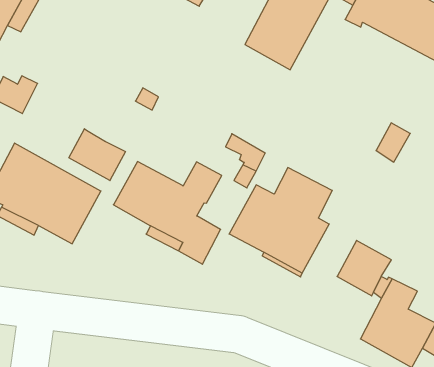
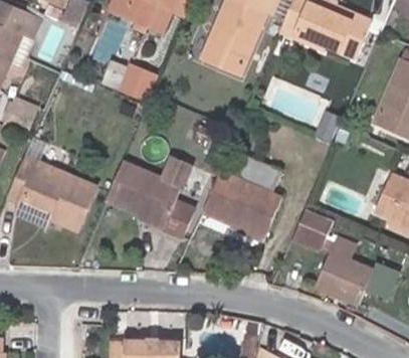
building: none -> [119,64,157,102]
building: [69,129,125,181] -> none

